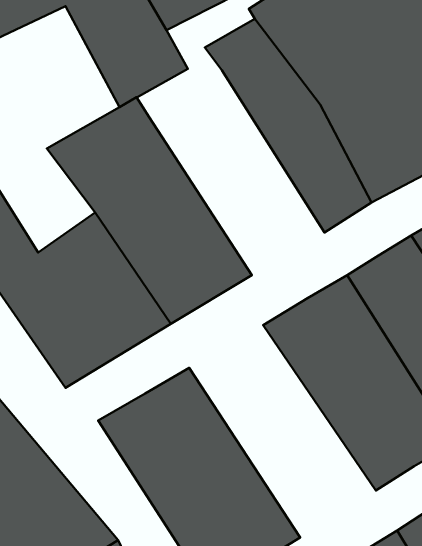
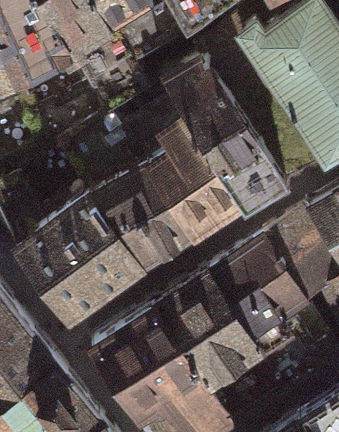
building: none -> [127,93,250,237]
building: none -> [155,272,286,421]

